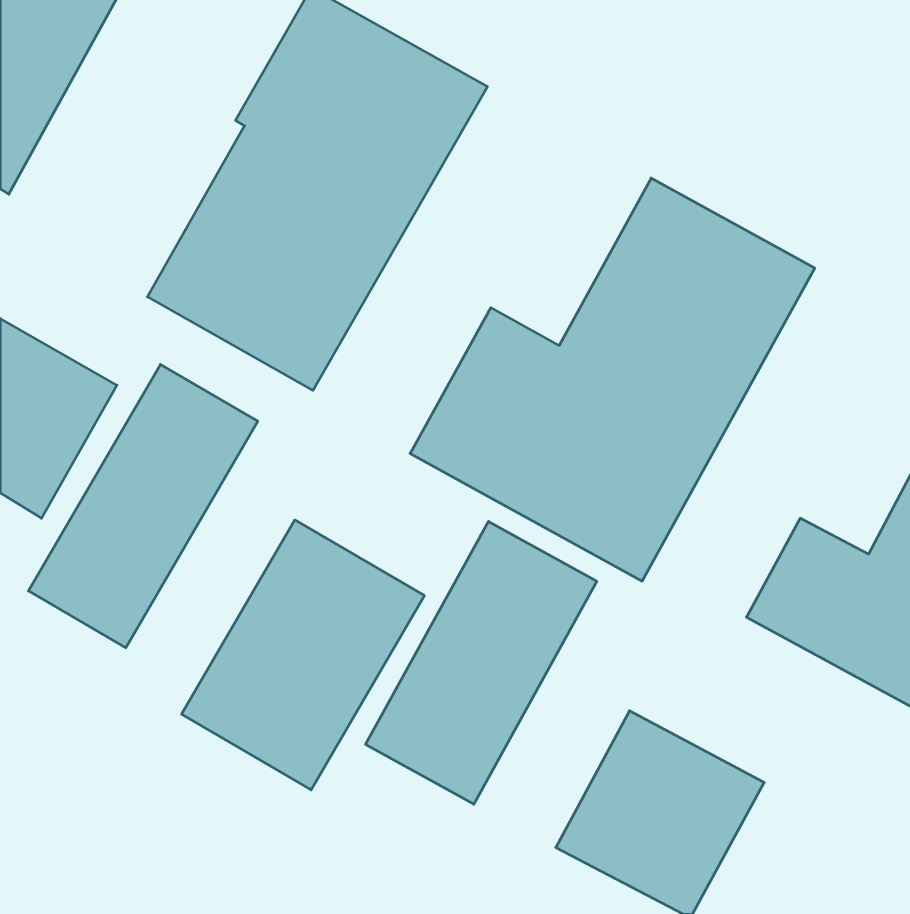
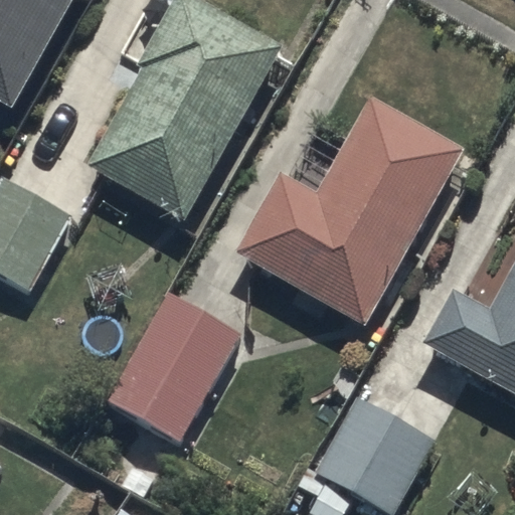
building: [28,364,258,648] -> none
building: [366,521,597,804] -> none

